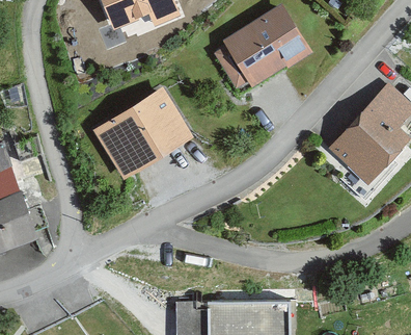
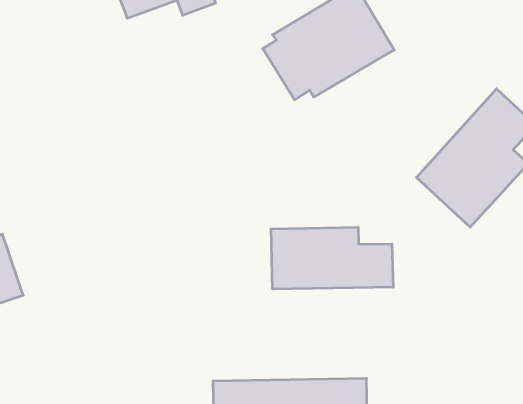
building: [93,88,192,179] -> none
building: none -> [271,227,393,289]

